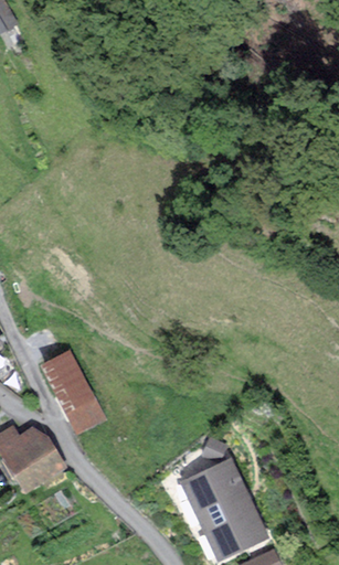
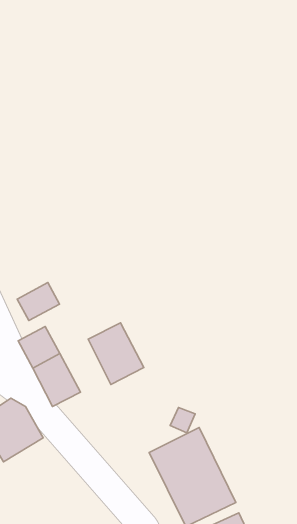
building: none -> [17,283,59,321]
building: none -> [88,323,144,385]

